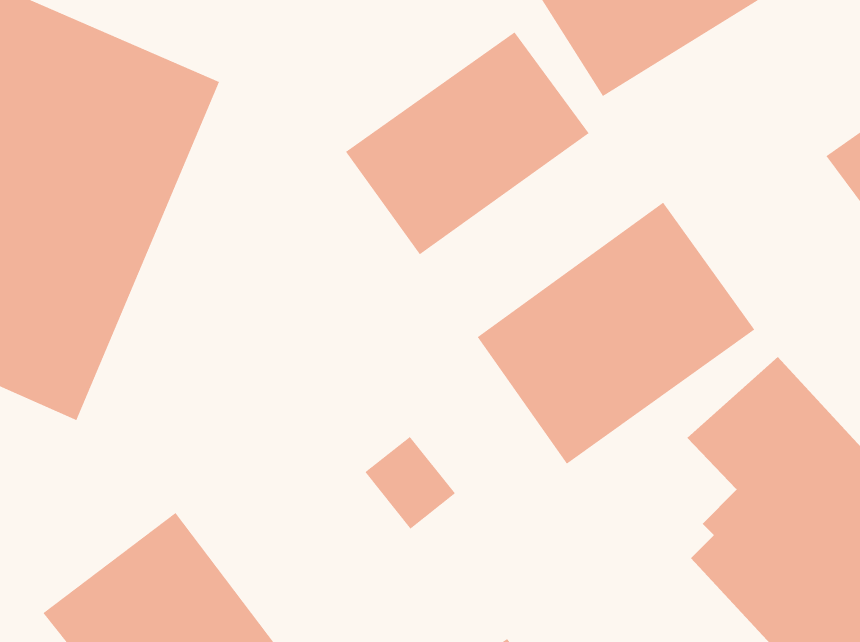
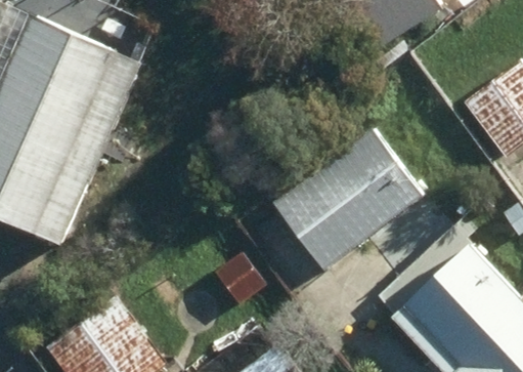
building: [345,31,589,255] -> none

